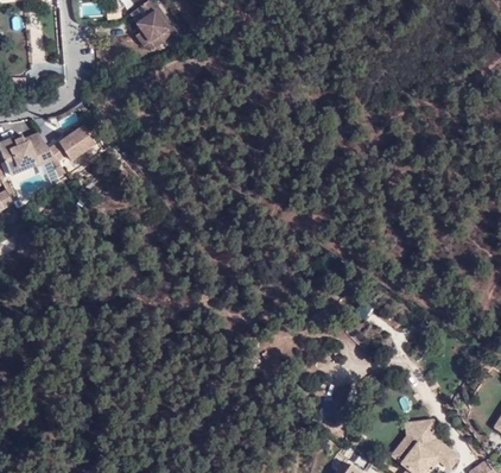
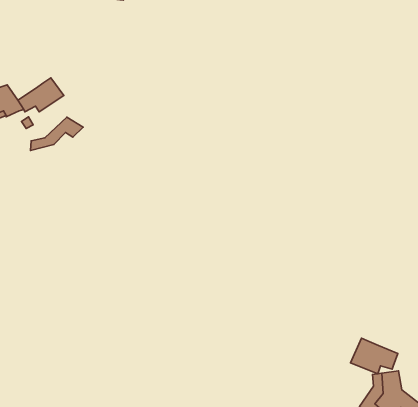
building: none -> [30,117,83,150]
building: none -> [350,338,398,374]

